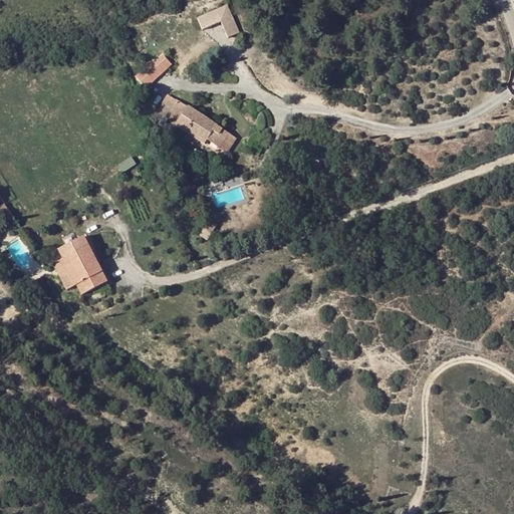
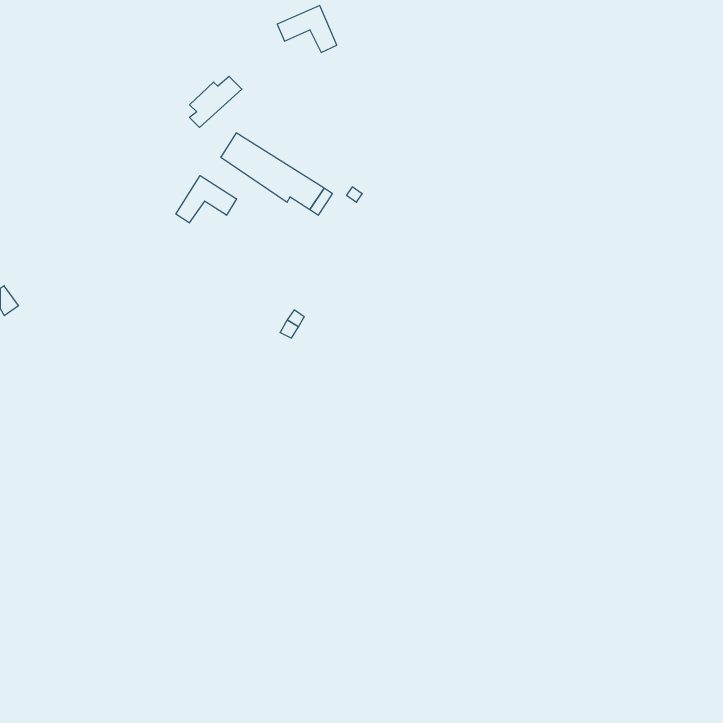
building: none -> [176,176,237,223]
building: [53,235,107,293] -> none

